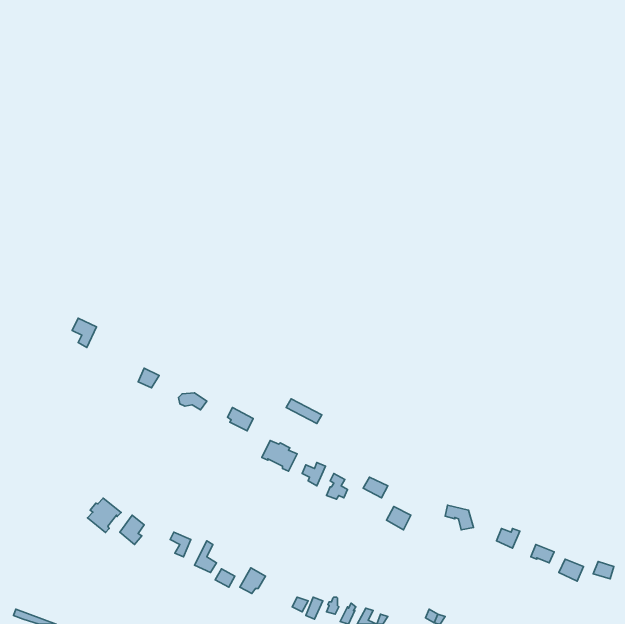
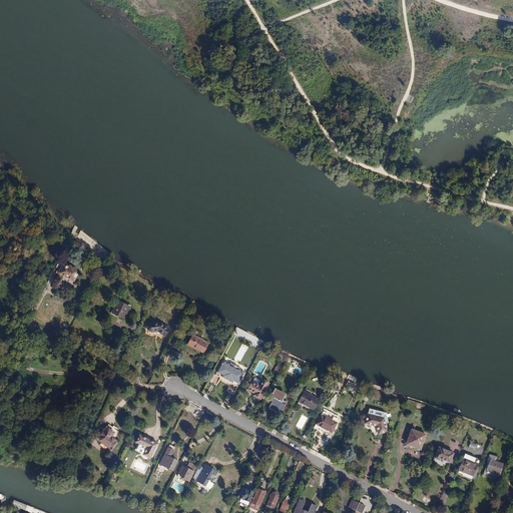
building: [87,498,121,532] -> none

